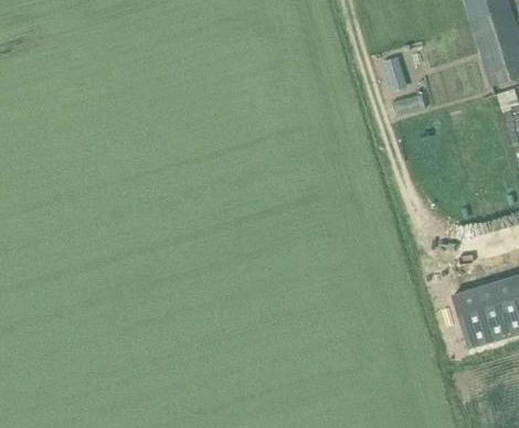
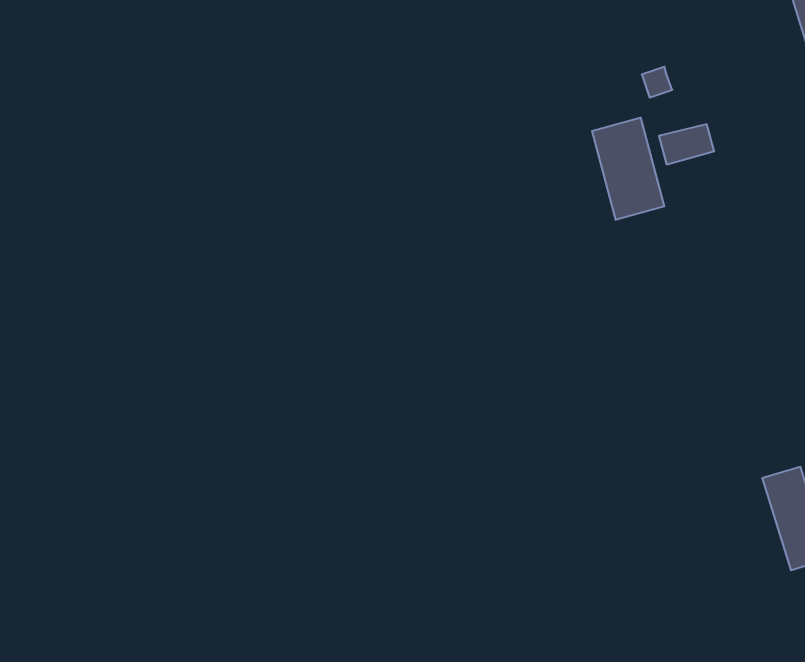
building: none -> [592,118,664,220]

